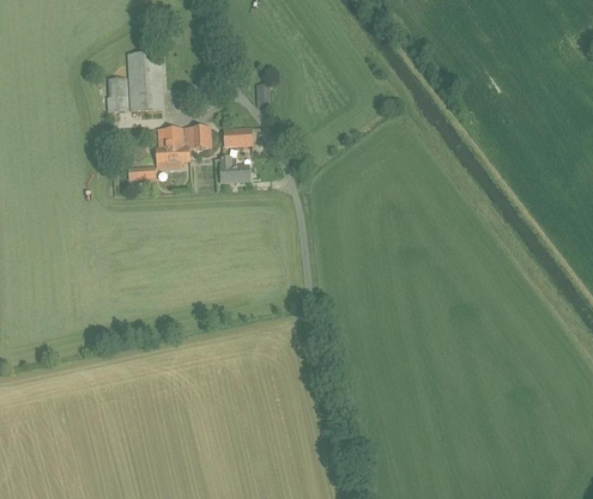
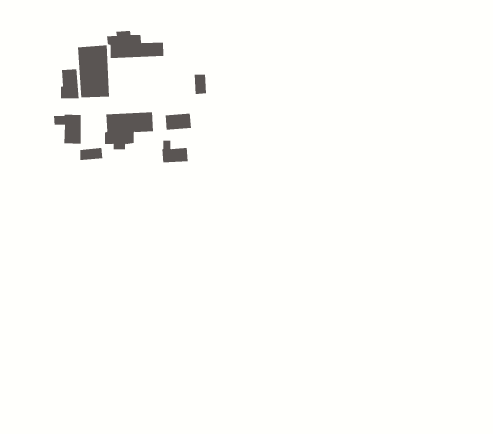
building: none -> [107,30,164,59]
building: none -> [54,114,81,145]

